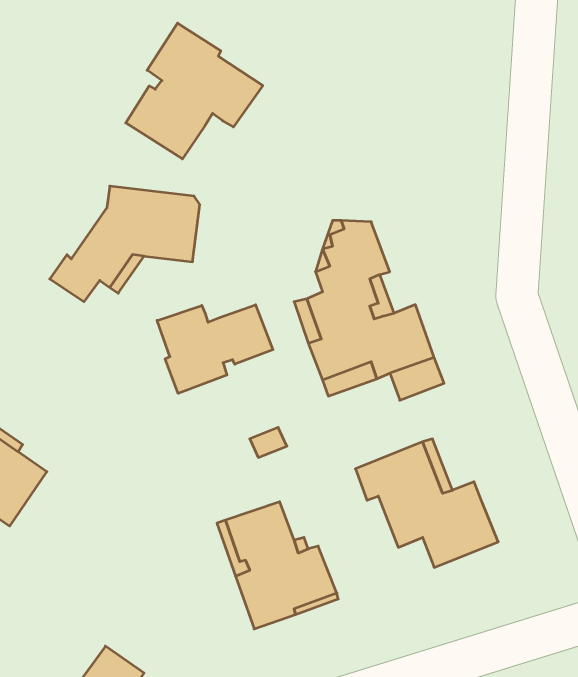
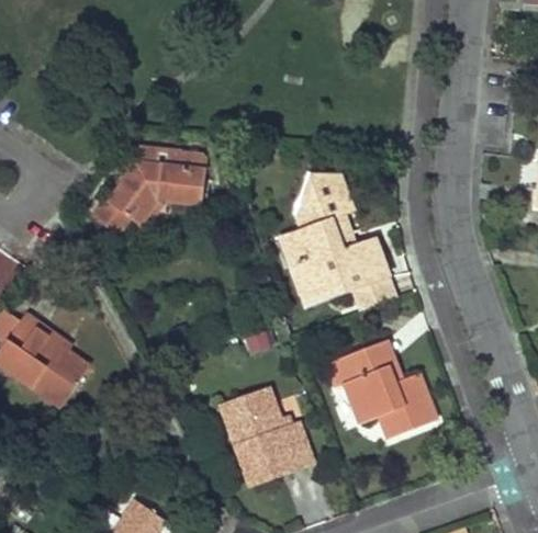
building: [126,23,263,159] -> none
building: [157,305,273,393] -> none

